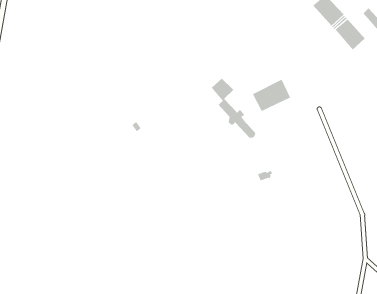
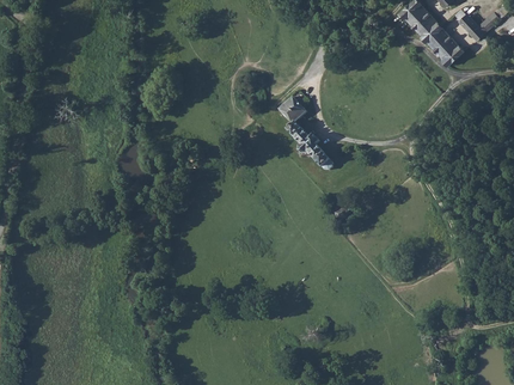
building: [252,79,291,112] -> none

